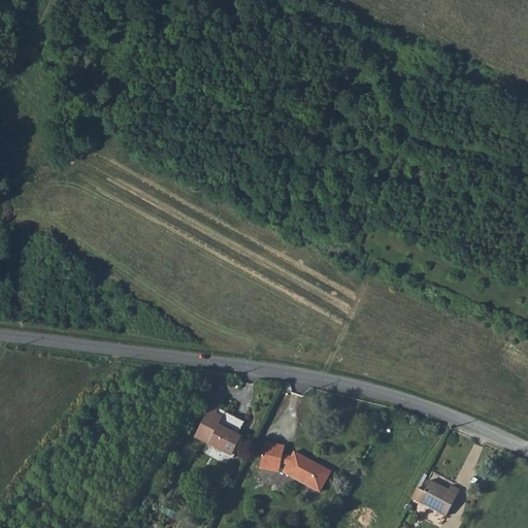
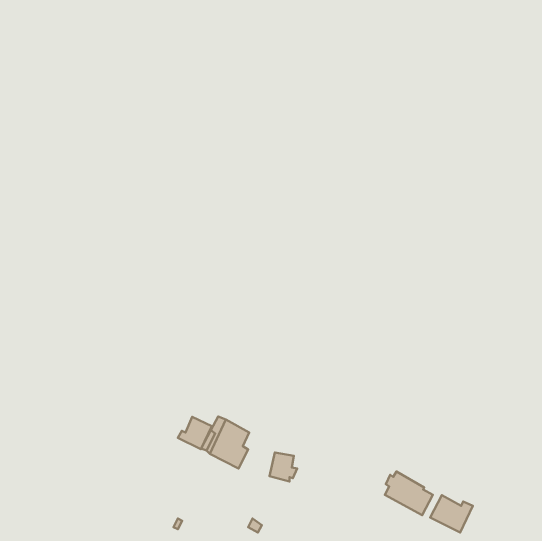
building: none -> [178,417,212,449]
building: [283,451,329,493] -> [385,471,433,515]

